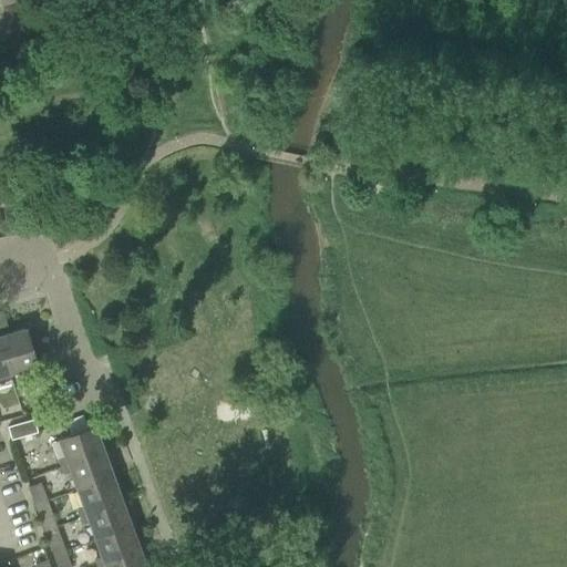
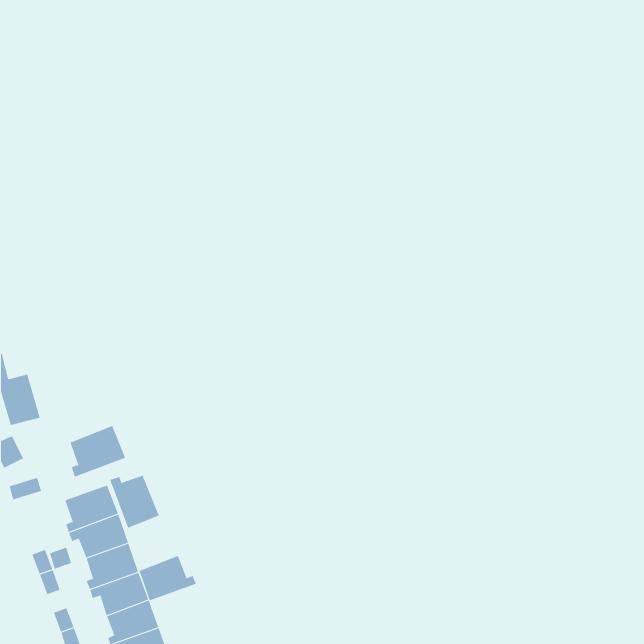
building: none -> [70,425,126,477]
building: none -> [109,475,159,528]
building: none -> [139,555,197,601]

